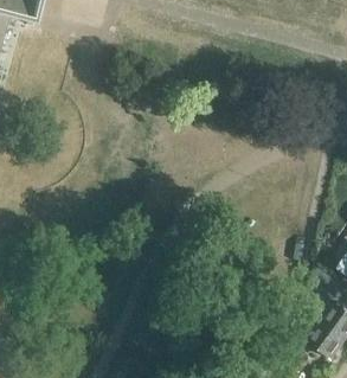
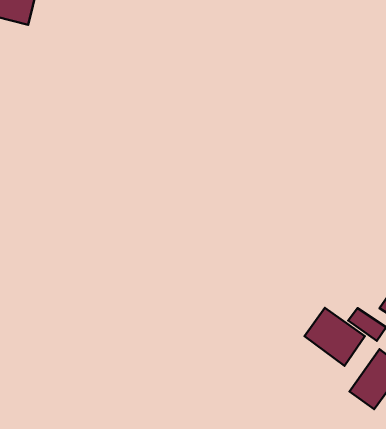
building: none -> [304,308,365,366]

